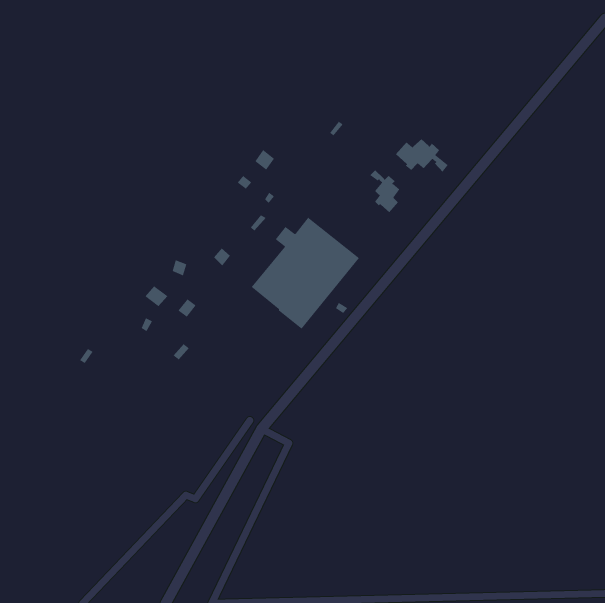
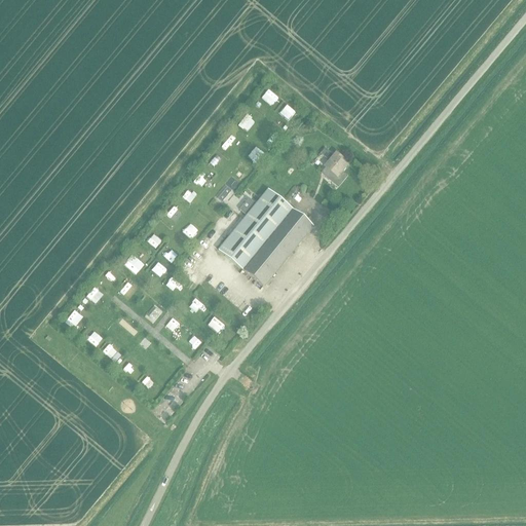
building: [395,138,449,173] -> none

